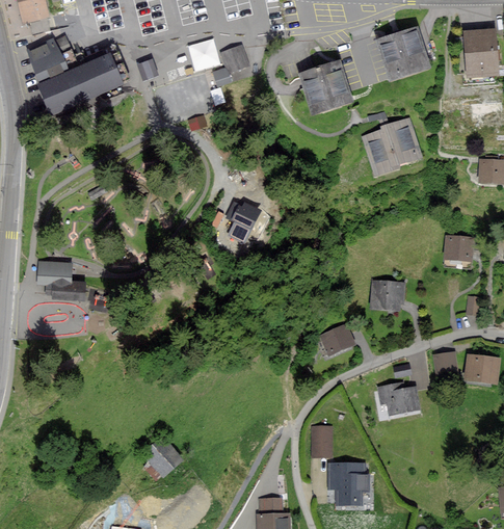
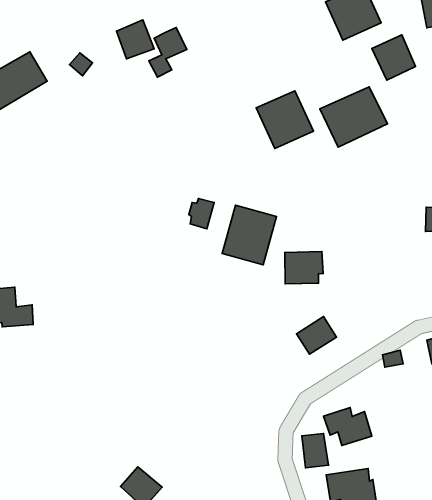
building: [301,61,350,111] -> [256,91,313,149]
building: none -> [372,35,415,80]
building: none -> [222,205,277,265]
building: [369,280,405,311] -> [285,252,323,284]
building: [378,382,420,416] -> [323,407,372,445]

